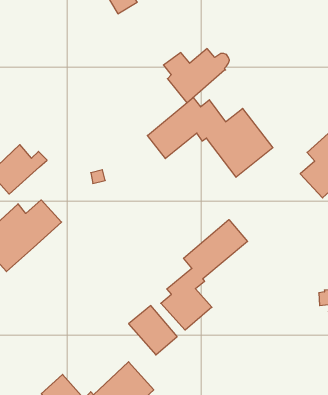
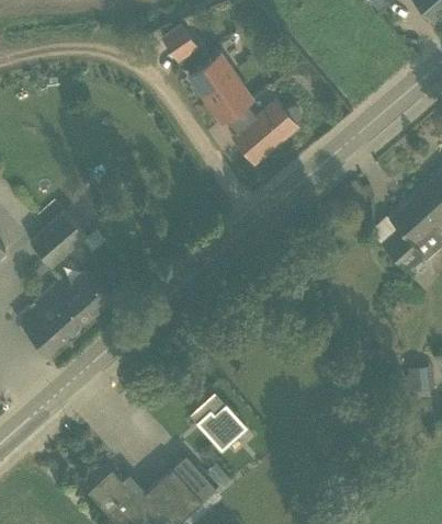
building: none -> [190,54,254,123]
building: [147,98,273,177] -> none
building: [161,220,248,330] -> none

